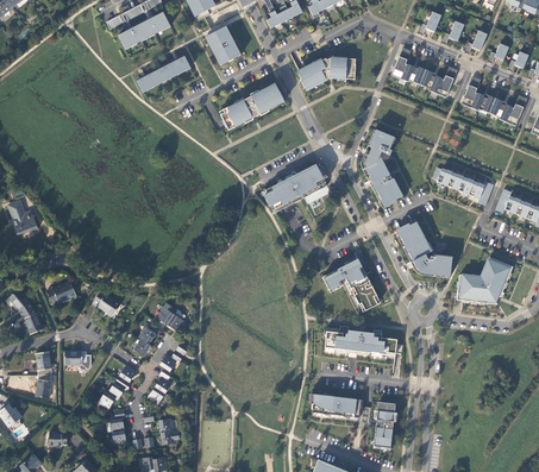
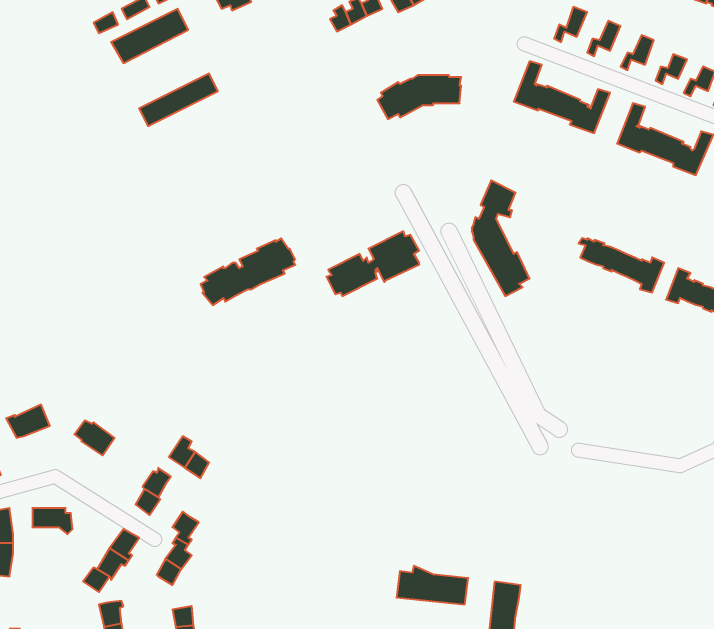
building: [207,27,240,65] -> none
building: [220,83,284,128] -> [201,238,295,305]
building: [396,221,452,275] -> none
building: [457,257,513,303] -> none
building: [324,258,377,309] -> none
building: [325,328,397,354] -> none

